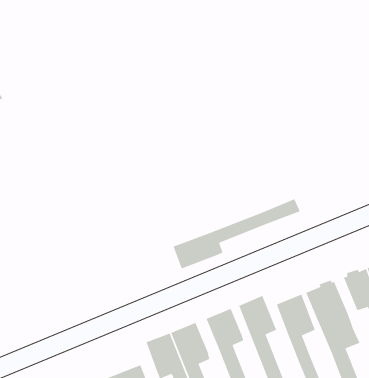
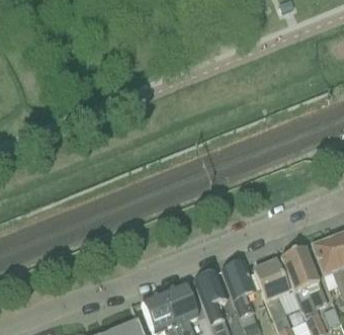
building: [173,198,300,269] -> none

